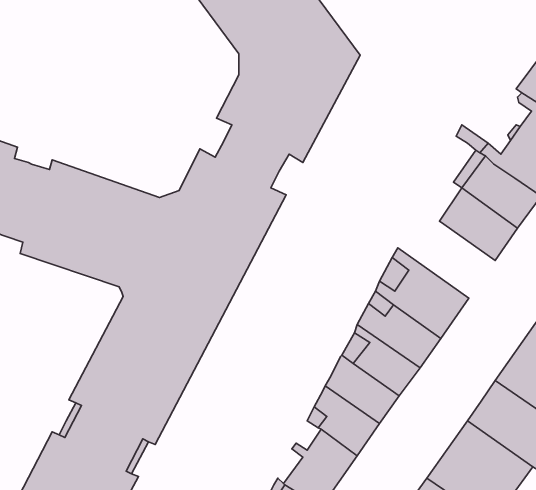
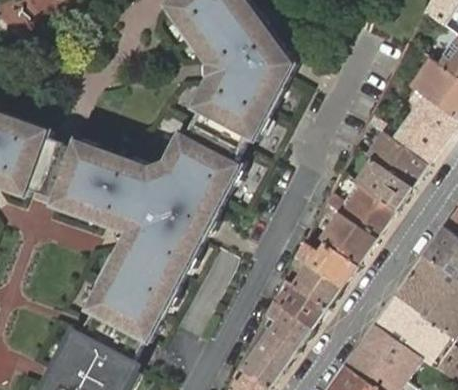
building: none -> [324,185,394,238]

